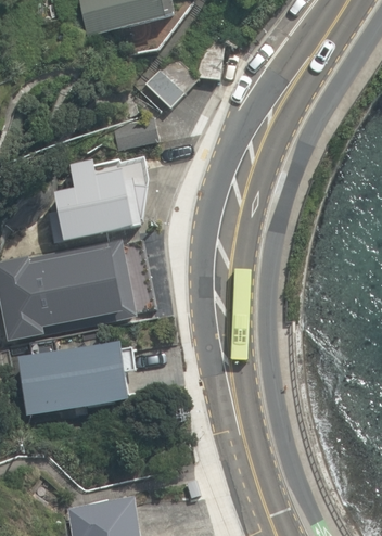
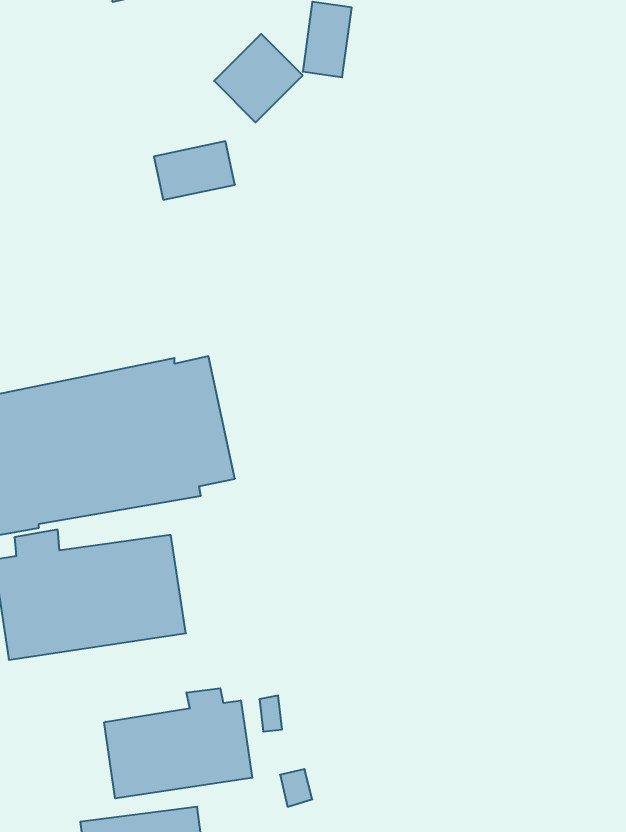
building: [48,158,148,245] -> none
building: none -> [104,688,252,798]

